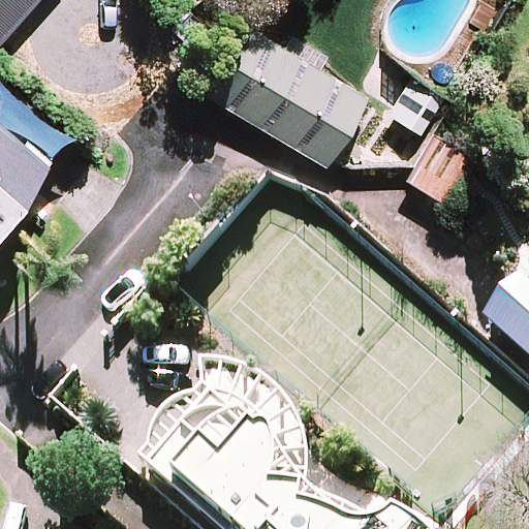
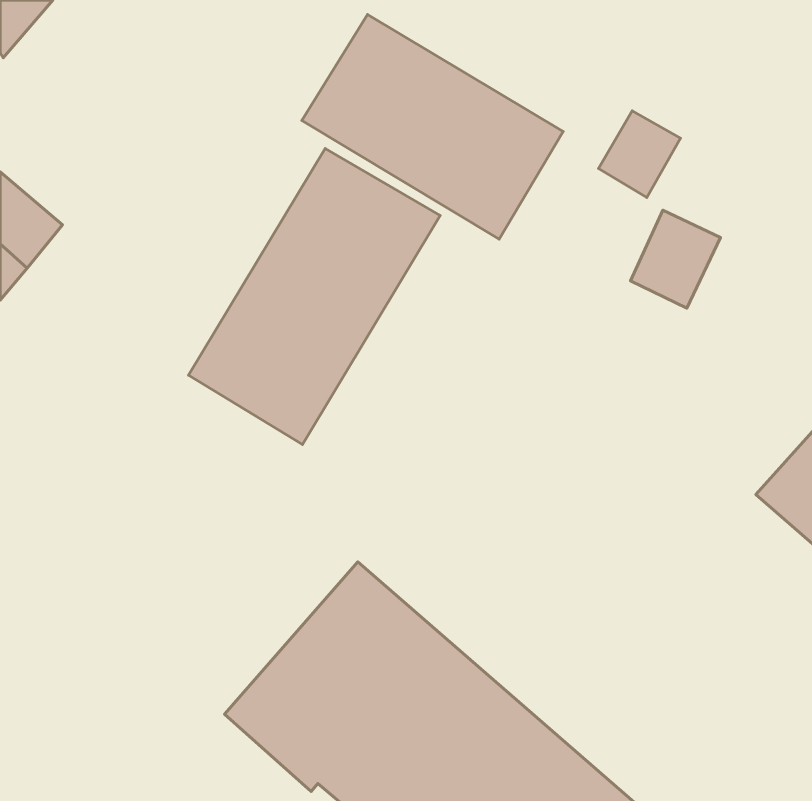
building: none -> [188,149,440,444]

